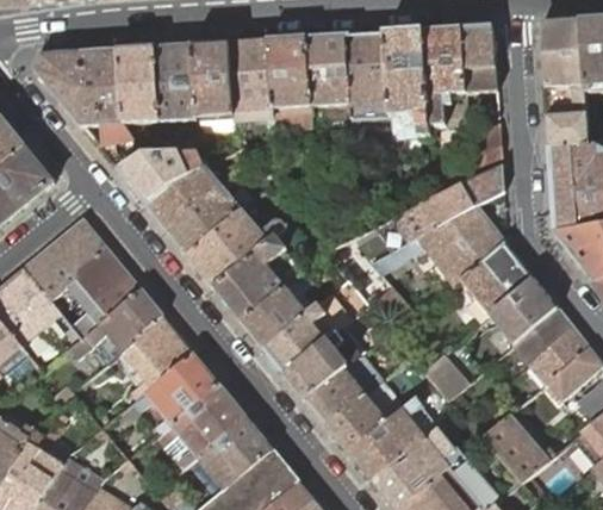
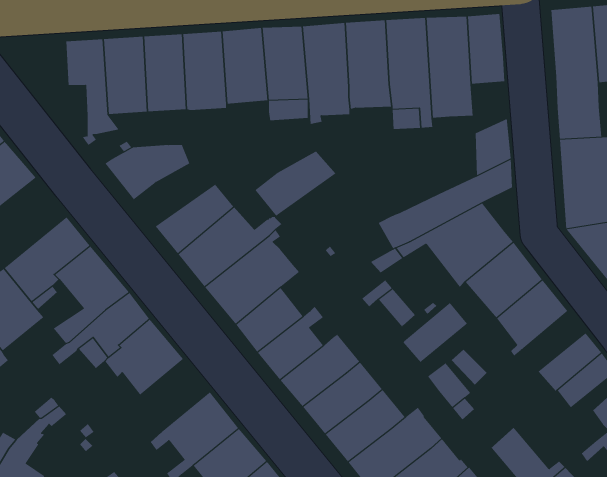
building: [36,54,102,125] -> none
building: [147,167,224,229] -> [254,151,336,216]
building: [512,309,574,366] -> [402,302,468,363]
building: [133,354,219,434] -> none

